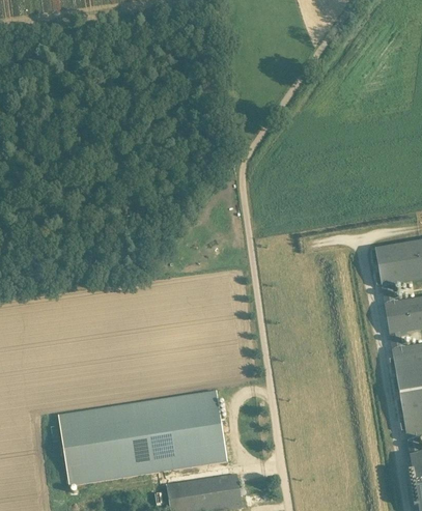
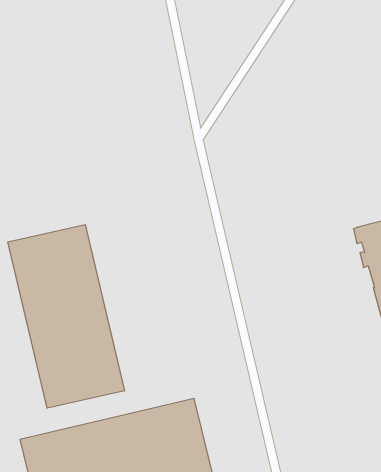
building: none -> [8,225,124,408]

